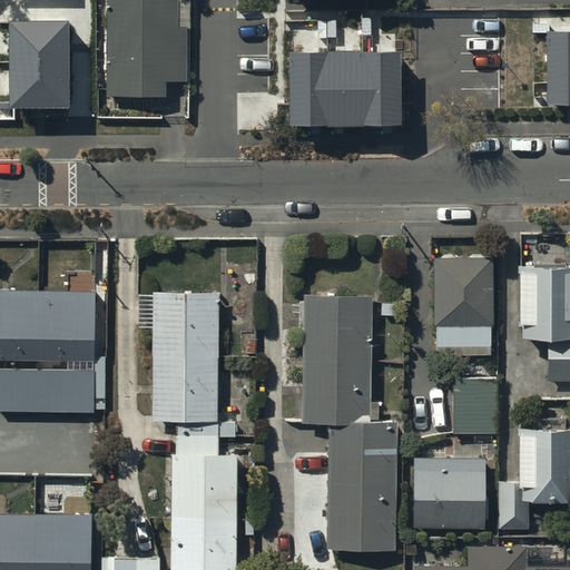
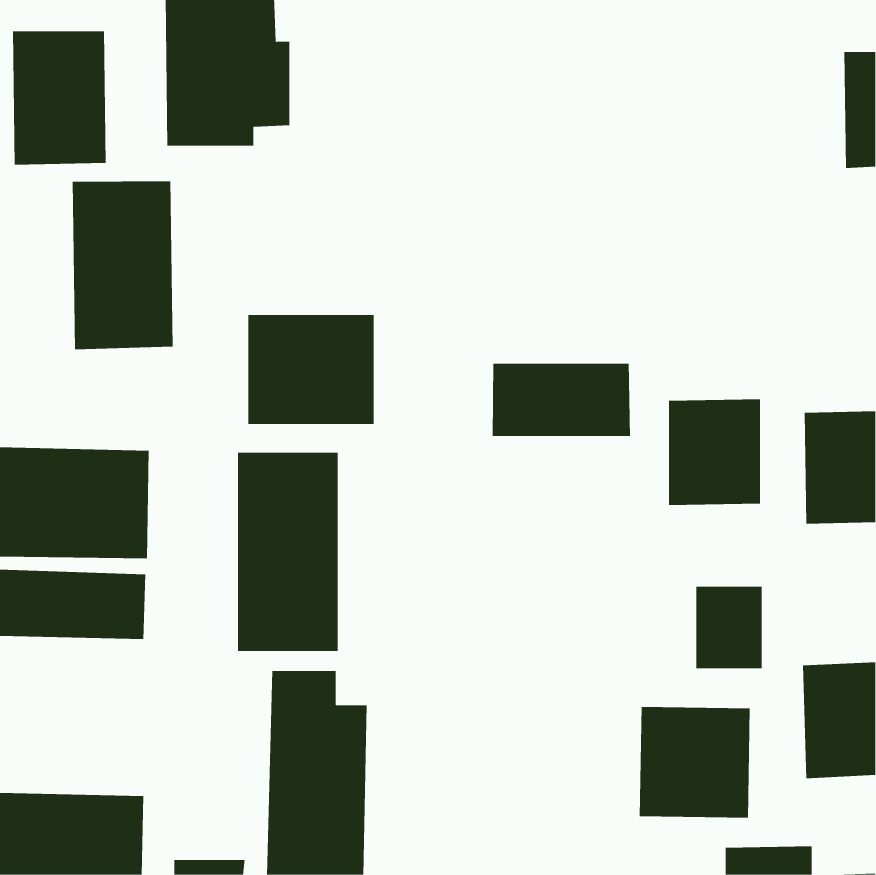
building: [289,53,403,130] -> none
building: none -> [72,180,173,350]
building: none -> [248,314,374,425]
building: none -> [492,363,630,437]
building: [302,297,399,552] -> none

